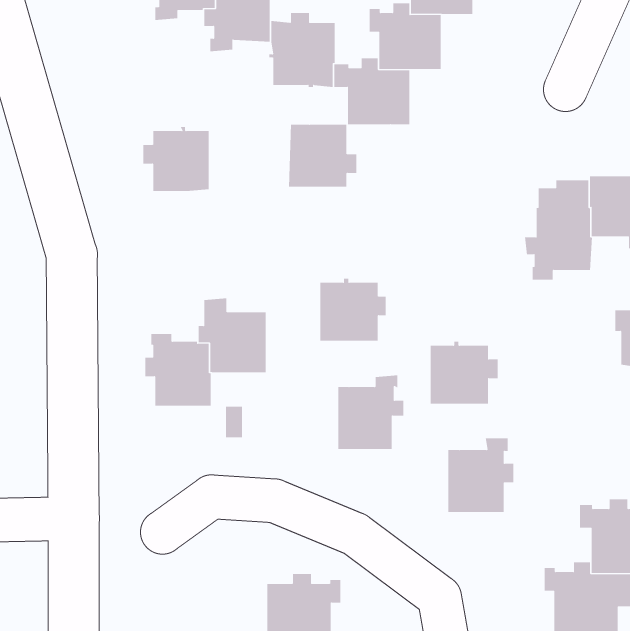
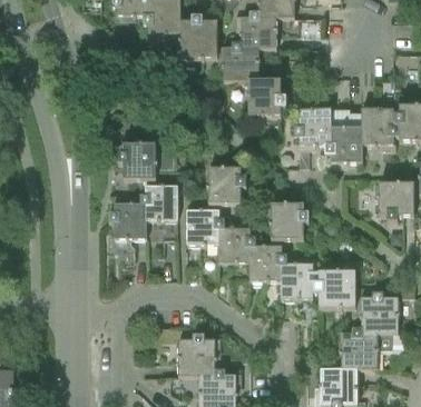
building: [288,124,357,187] -> [246,80,285,116]
building: [143,127,209,192] -> [117,142,155,179]
building: none -> [292,109,331,150]
building: none -> [186,202,224,246]
building: none -> [248,238,286,281]
building: none -> [312,264,354,308]

